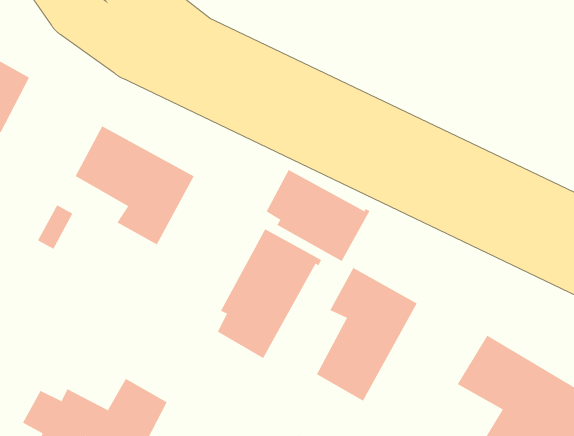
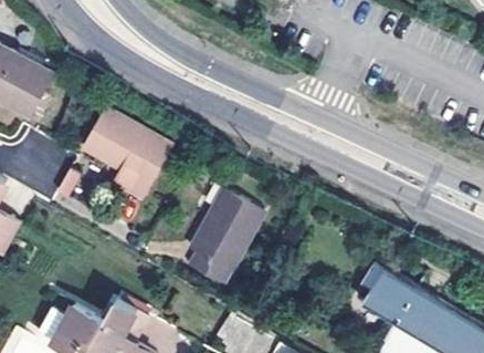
building: [266,169,370,262] -> none
building: [316,267,418,402] -> none

